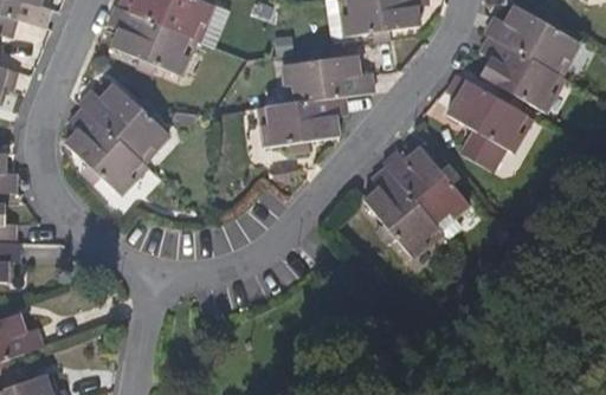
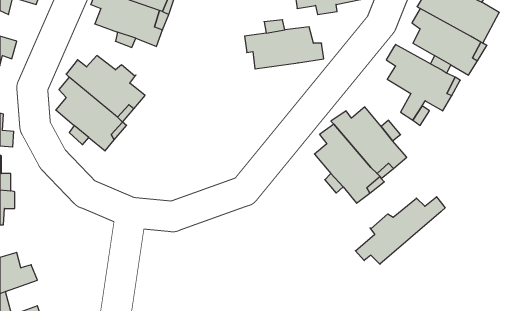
building: [262,95,348,153] -> none
building: none -> [355,197,445,264]

